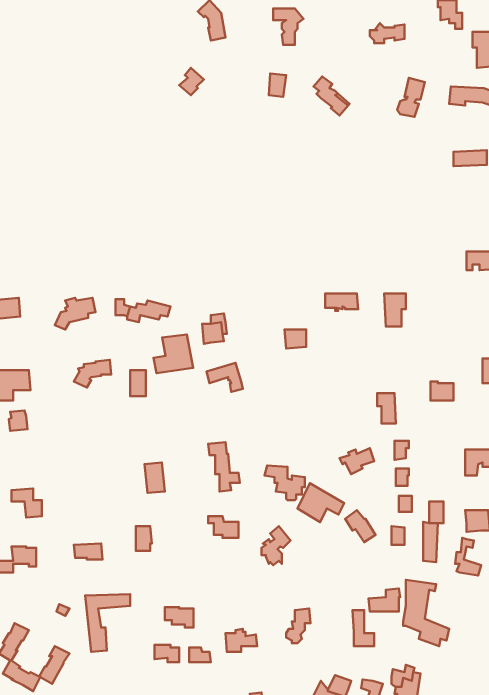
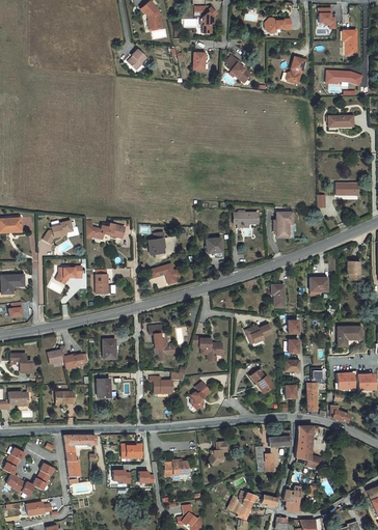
building: [153,335,193,373] -> none
building: none -> [47,347,87,369]
building: [298,483,344,522] -> none

